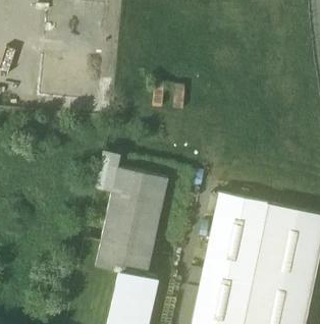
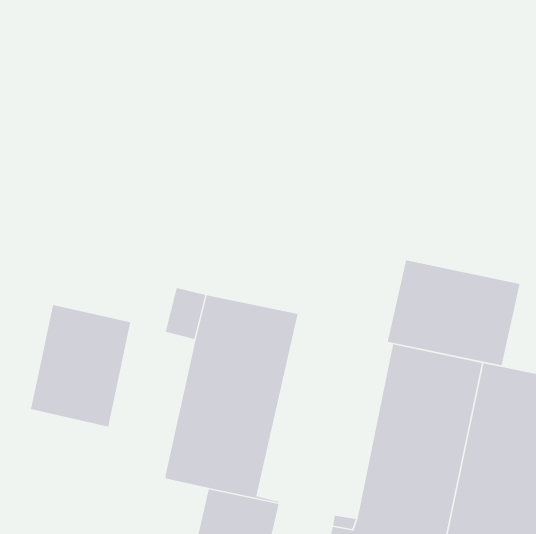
building: none -> [387,260,521,366]
building: none -> [30,304,131,427]

